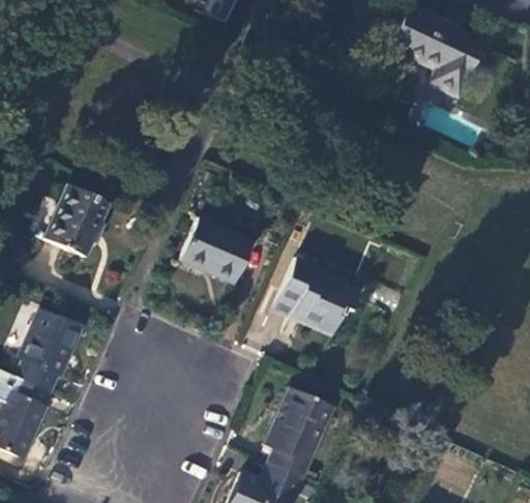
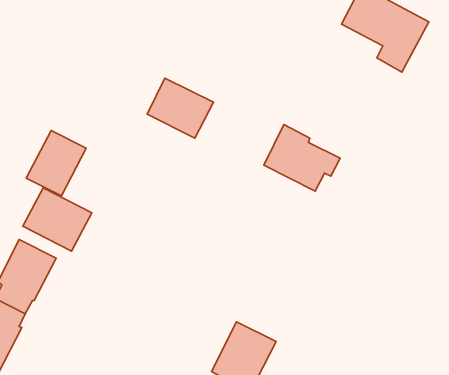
building: [179,218,253,284] -> [147,78,213,138]
building: none -> [23,188,92,251]
building: [275,257,360,329] -> [264,125,340,191]

